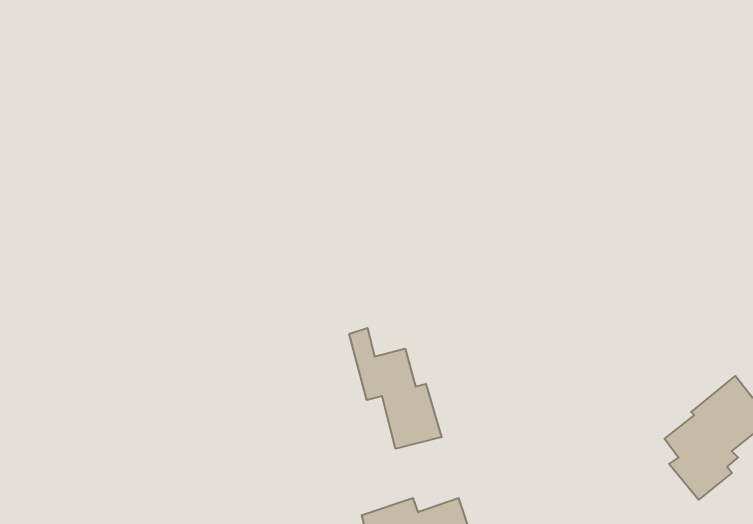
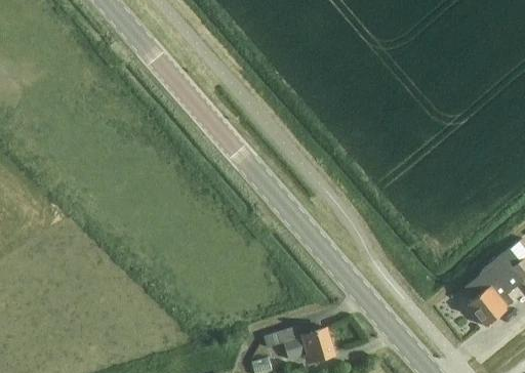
building: [349,328,442,449] -> none

